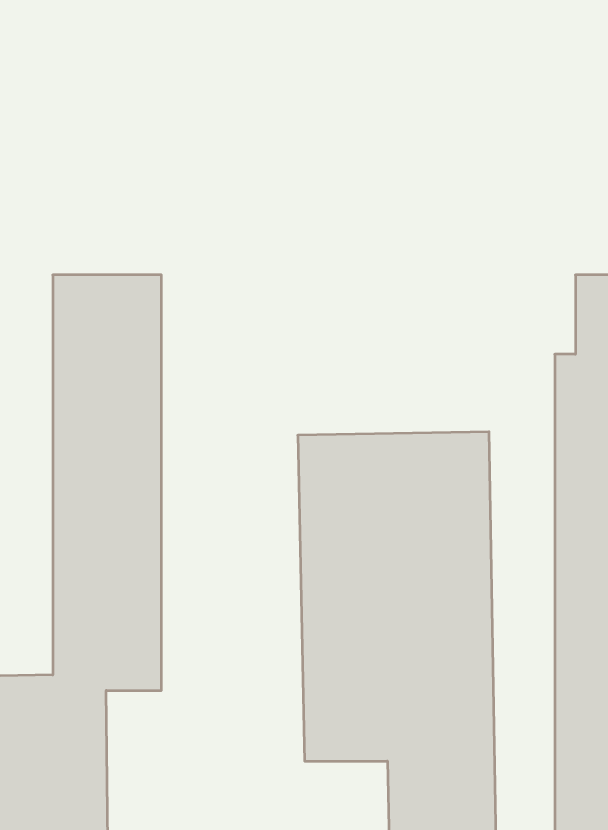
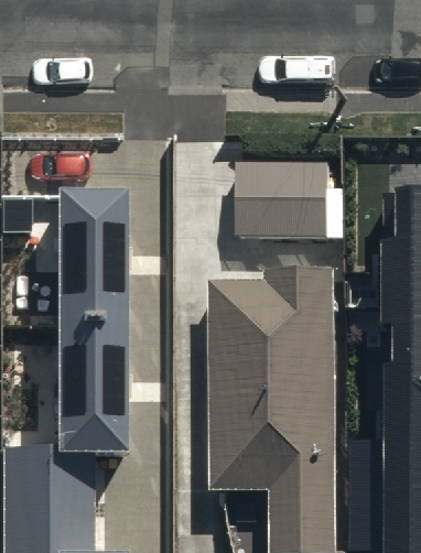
building: none -> [233,162,327,240]

